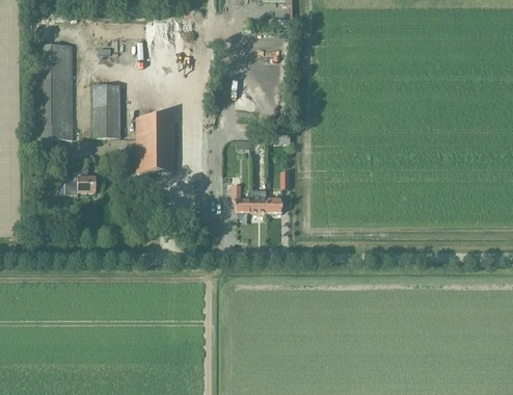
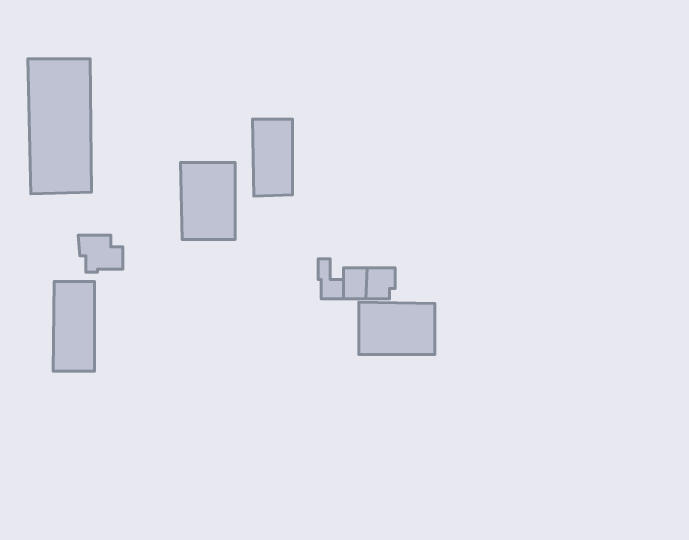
building: [92,84,120,138] -> [252,119,292,196]
building: none -> [53,281,95,371]
building: none -> [359,302,435,355]

